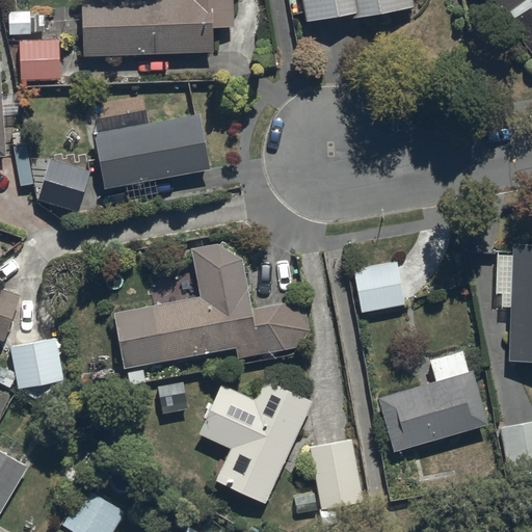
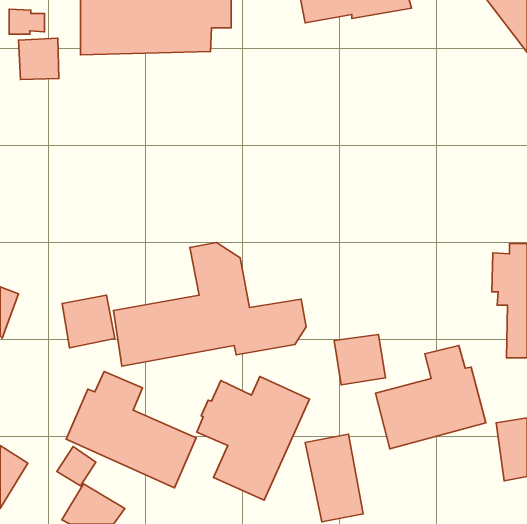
building: [94,109,210,190] -> none
building: [36,158,91,213] -> none
building: [352,262,404,313] -> [334,334,386,385]
building: [10,337,63,390] -> [62,295,115,348]
building: none -> [66,372,196,488]

